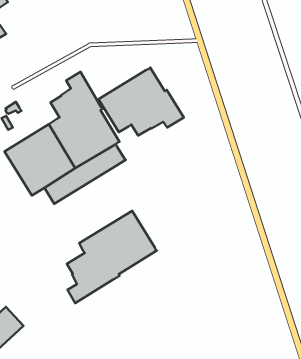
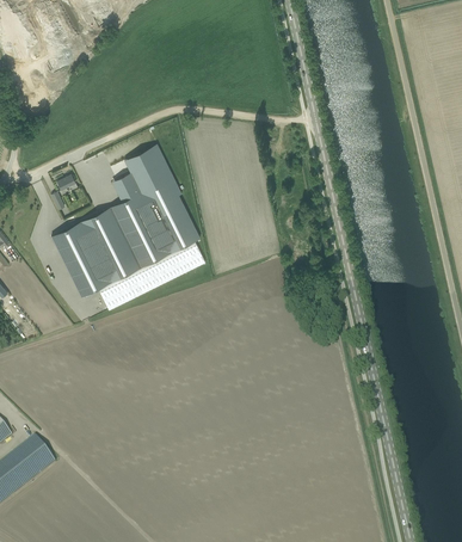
building: [99,68,184,136] -> none
building: [67,211,157,303] -> none

